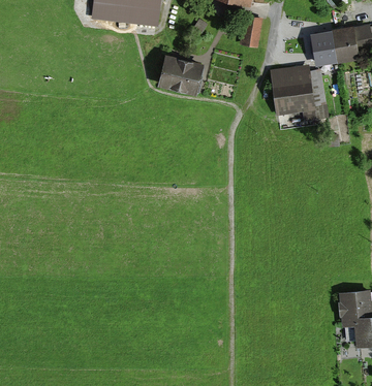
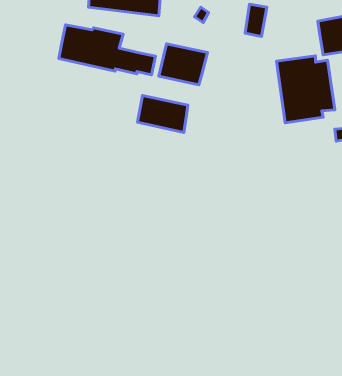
building: none -> [59,25,155,75]
building: none -> [137,96,188,132]

